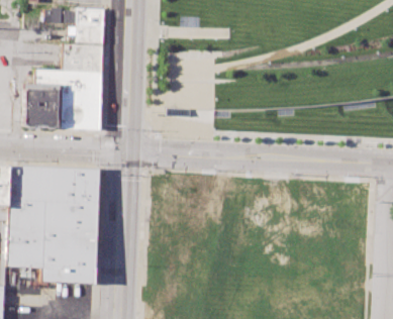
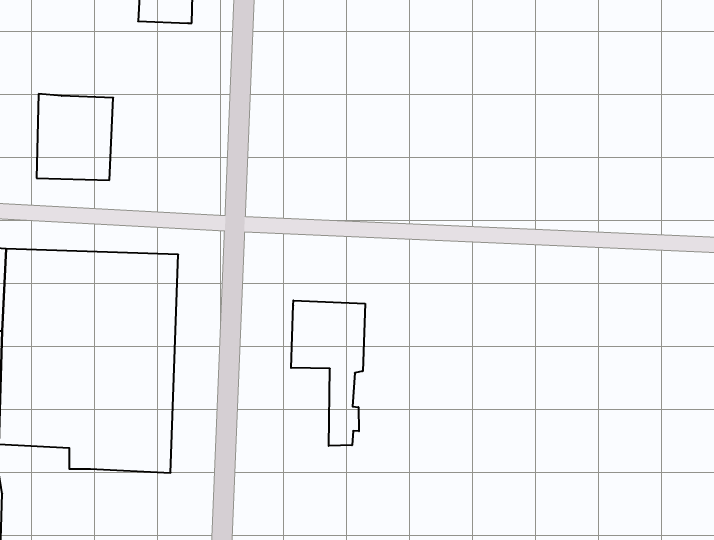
building: [36,43,103,130] -> none
building: none -> [291,300,365,446]

